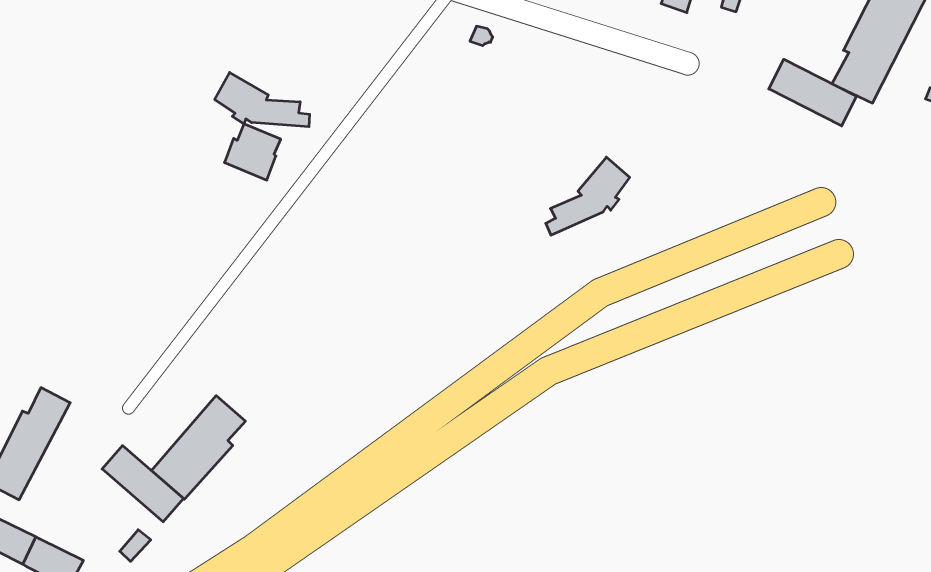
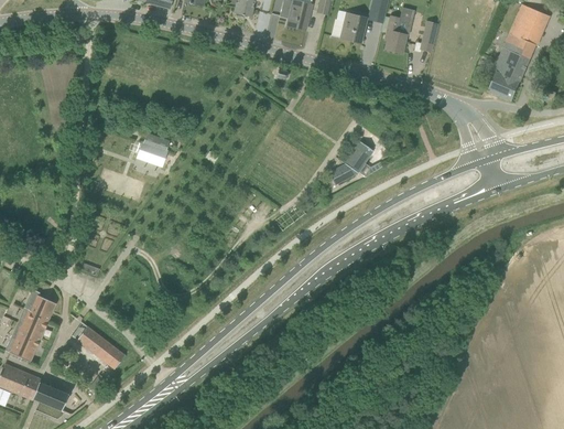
building: [769,59,857,126] -> none
building: [215,72,310,127] -> none
building: [151,396,245,499] -> none

